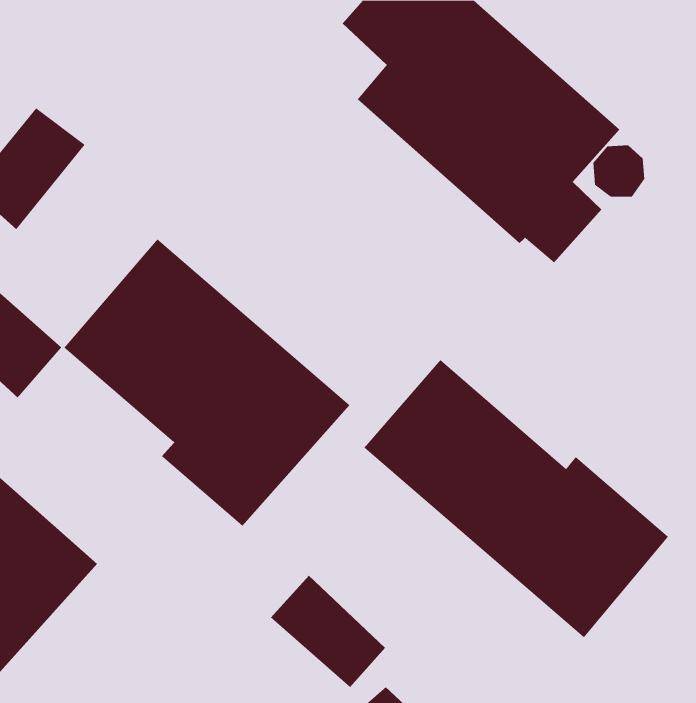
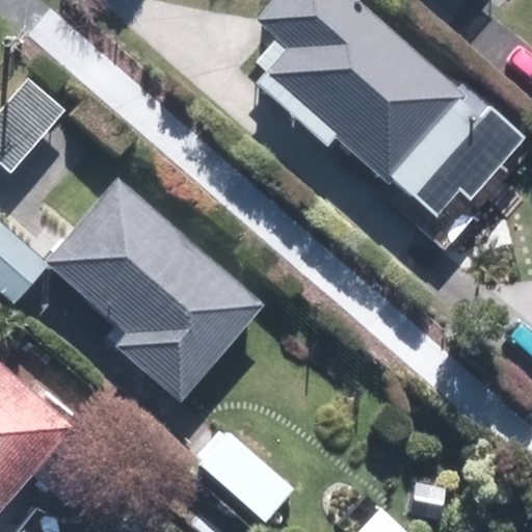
building: [363,359,669,638] -> none

